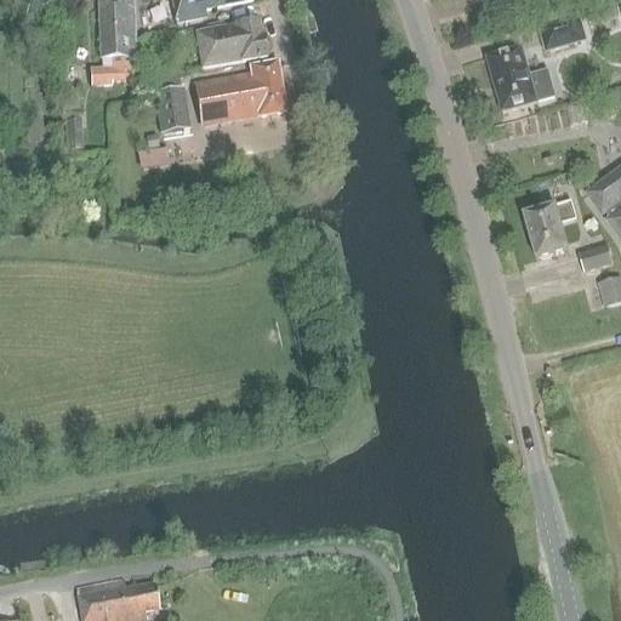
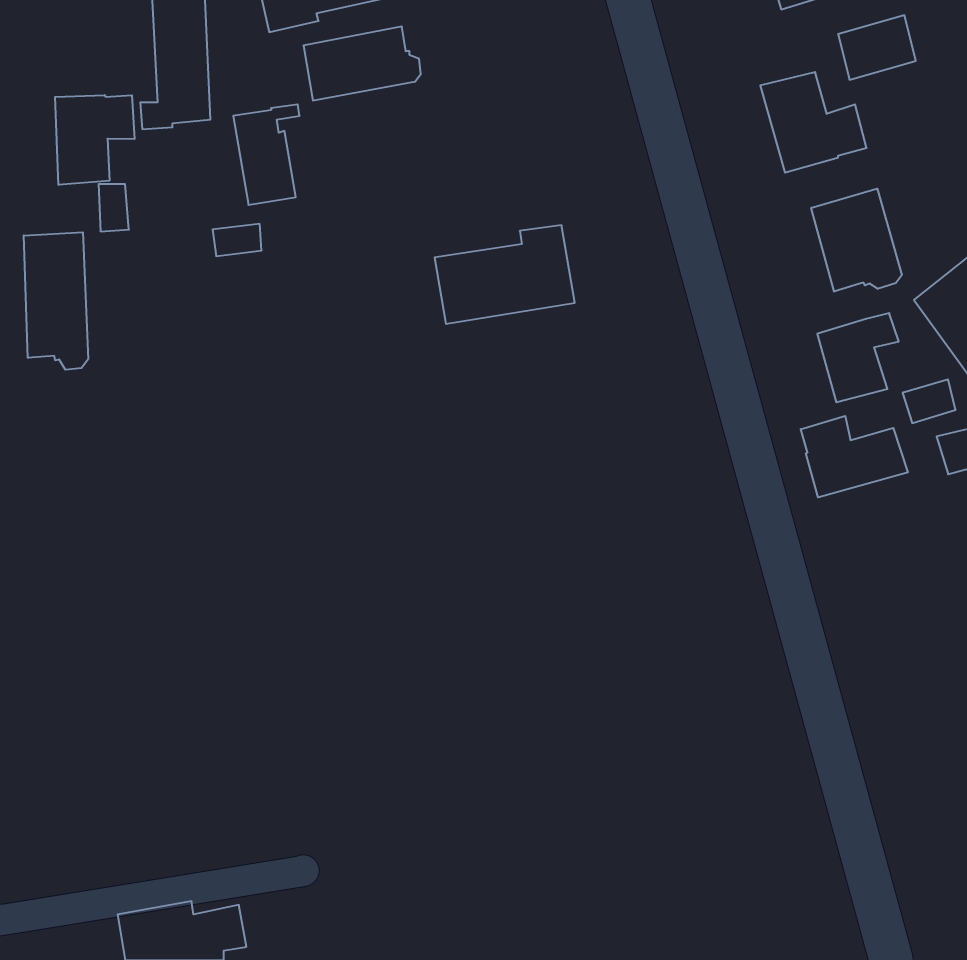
building: [195,59,285,123] -> [435,225,575,324]
building: none -> [55,95,134,185]
building: none -> [811,189,902,292]
building: none -> [24,232,88,370]
building: none -> [801,416,908,497]

